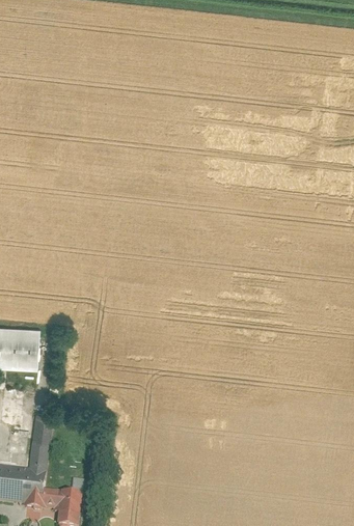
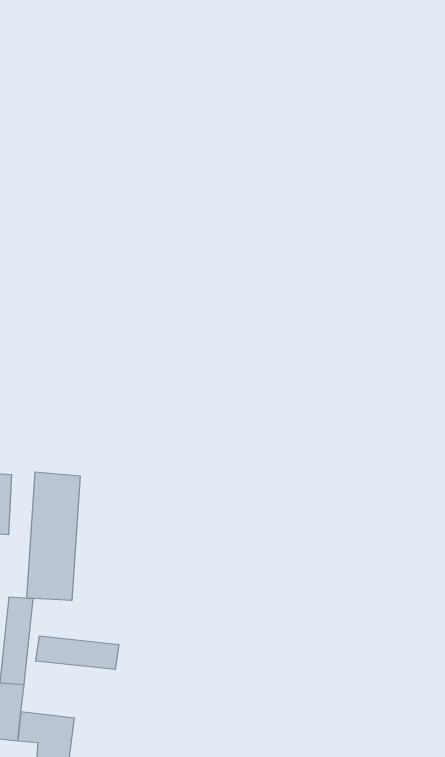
building: none -> [27,472,80,601]
building: none -> [36,636,119,670]

